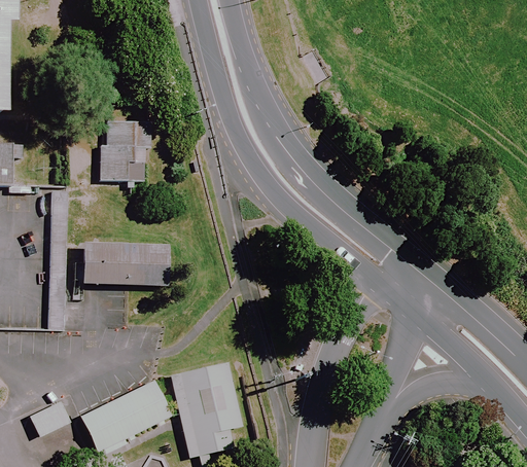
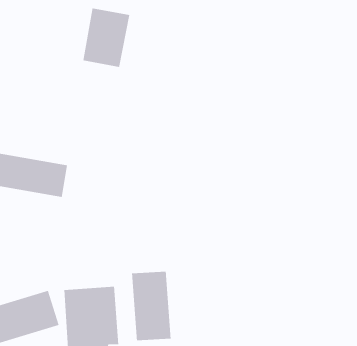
building: [91,117,136,179] -> [82,8,130,68]
building: none -> [132,271,171,341]

